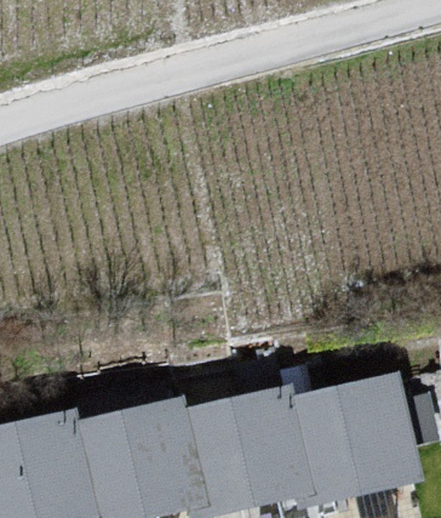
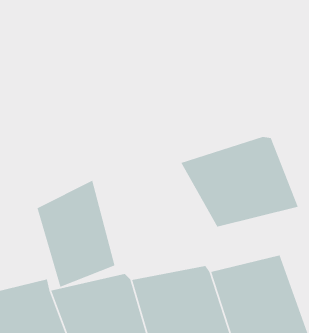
building: none -> [180,136,299,227]
building: none -> [37,179,116,288]

